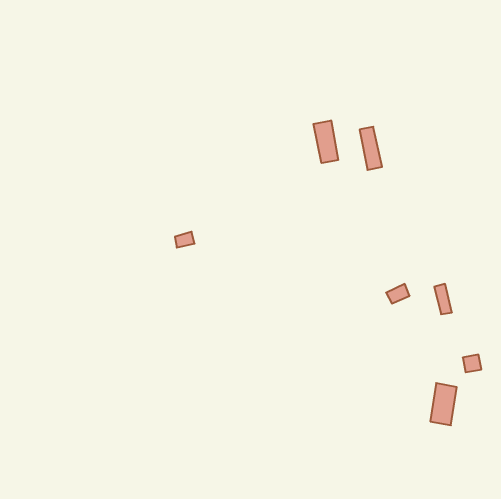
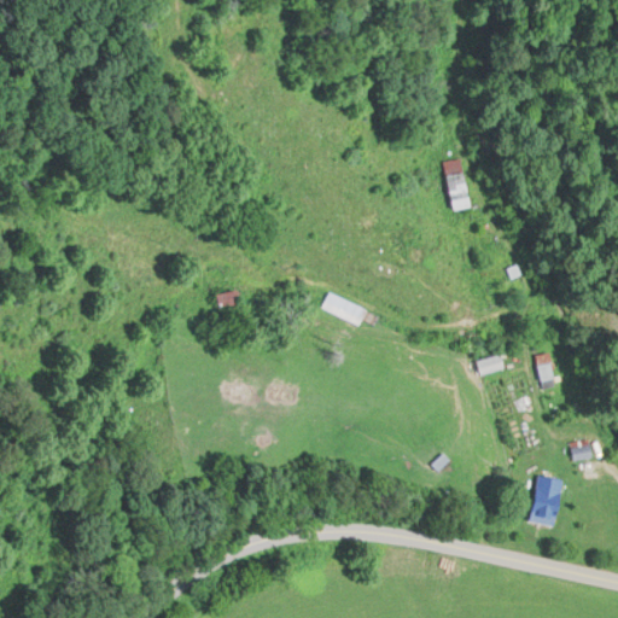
building: [313,120,338,163] -> none
building: none -> [321,291,367,326]

